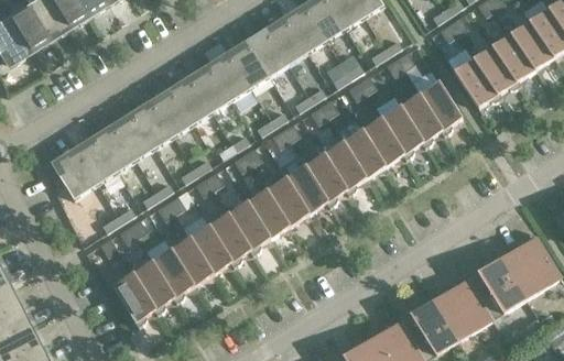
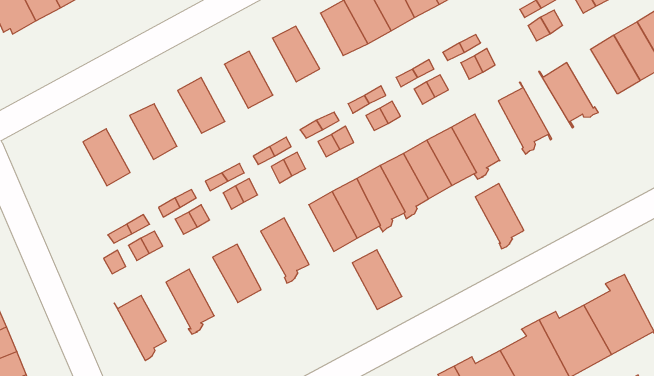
building: [247,29,288,75] -> none
building: [474,45,521,94] -> none
building: [209,52,250,99] -> none
building: [171,76,212,123] -> none
building: [400,92,442,146] -> [475,184,524,249]
building: [133,100,174,146] -> none
building: [95,123,135,171] -> none
building: [54,147,98,197] -> none
building: [247,188,290,238] -> [352,250,402,309]
building: [209,212,251,266] -> none
building: [171,237,213,285] -> none
building: [132,260,175,314] -> none

